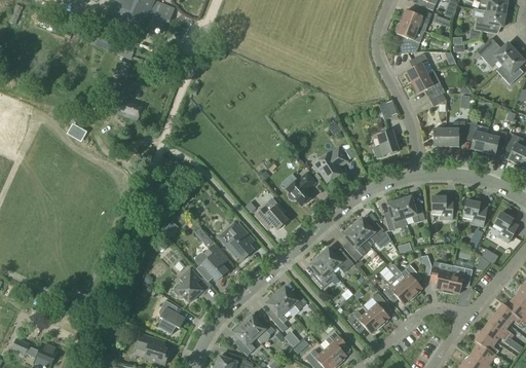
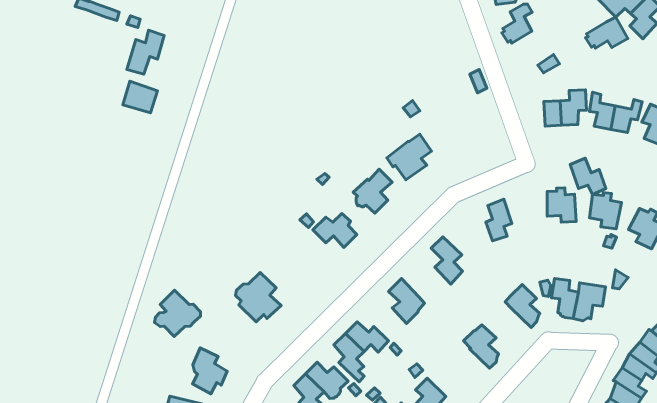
building: none -> [127,30,164,74]
building: [411,71,443,94] -> [585,17,628,48]
building: [374,130,399,158] -> none
building: [400,195,425,223] -> [570,158,606,195]
building: [352,214,384,242] -> none
building: [218,222,254,260] -> none
building: [320,247,353,271] -> none
building: [175,267,210,302] -> [154,290,201,337]
building: [383,274,415,303] -> none
building: [347,310,382,333] -> none

